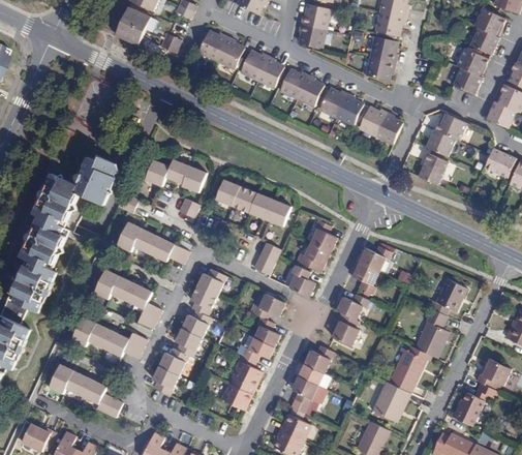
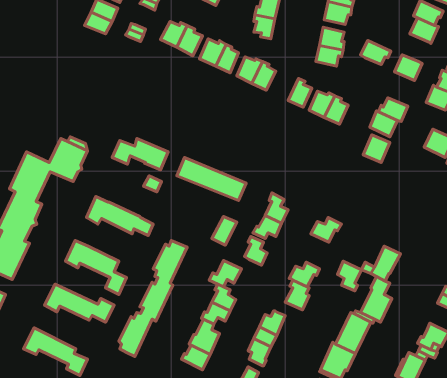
building: [455,49,488,74] -> [360,41,391,64]
building: [319,88,347,117] -> none
building: [355,262,380,294] -> [338,261,361,291]

